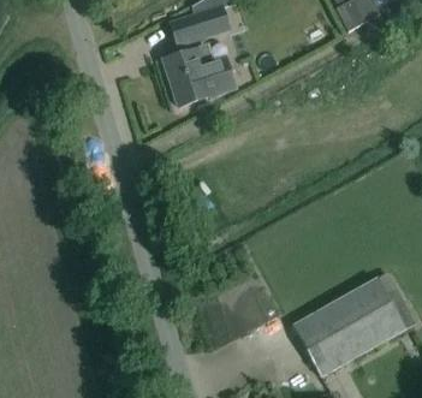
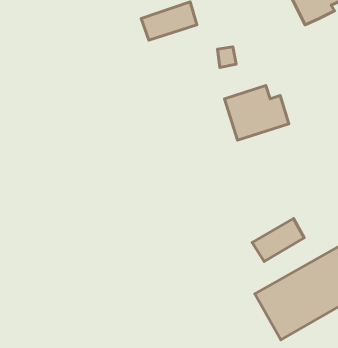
building: [164,44,234,105] -> [224,86,289,140]
building: none -> [252,218,304,262]

